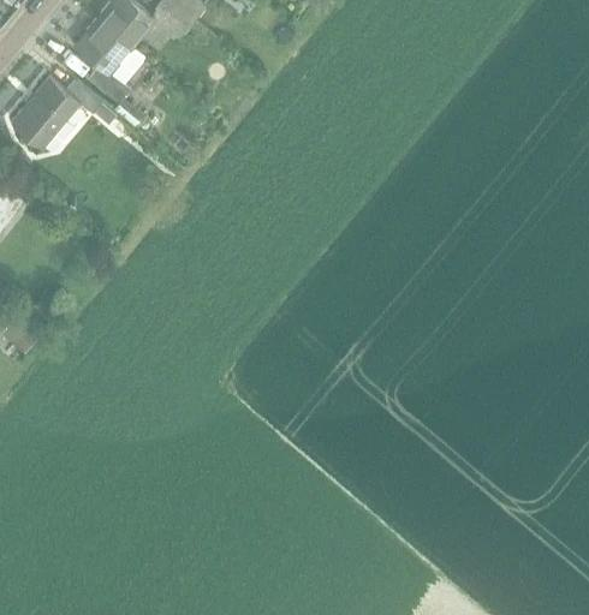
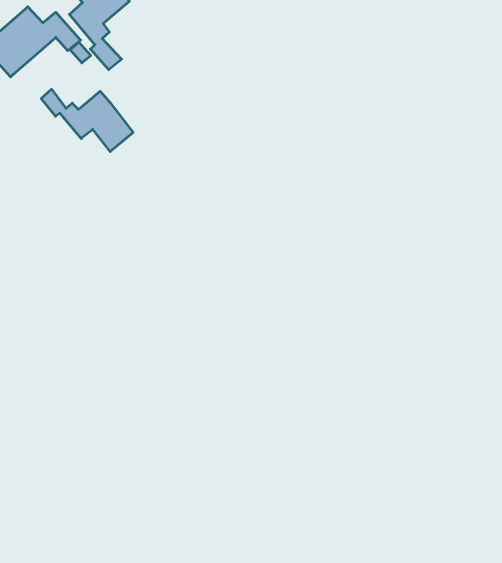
building: none -> [41,89,133,152]

